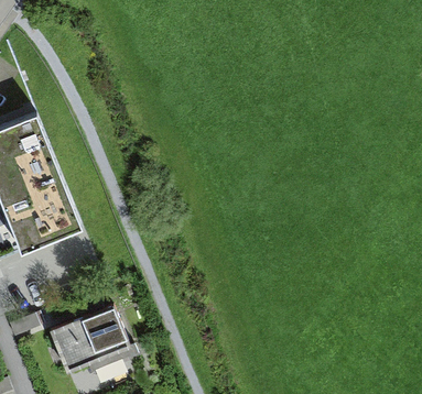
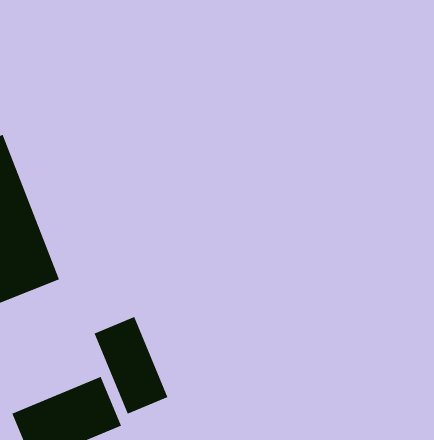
building: none -> [94,316,168,414]

